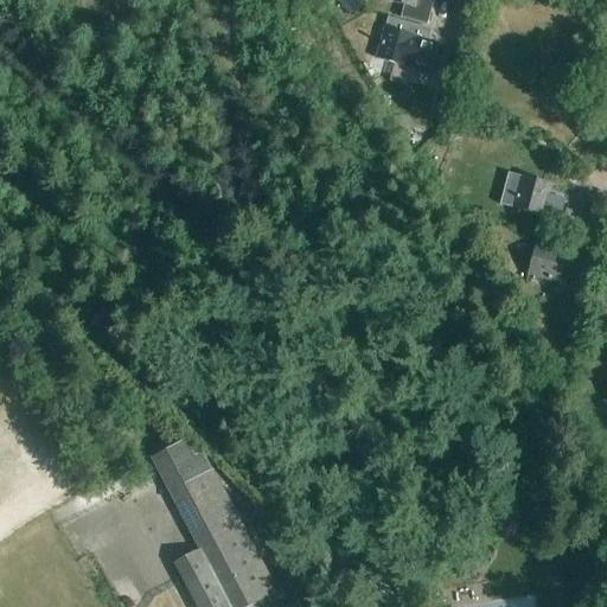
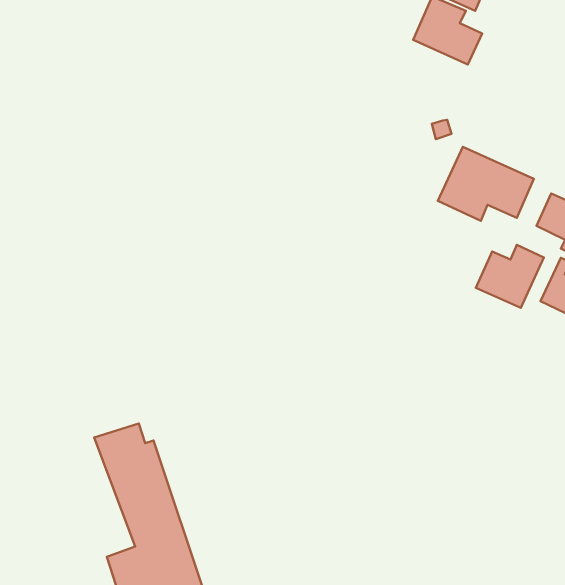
building: none -> [438,147,534,221]
building: none -> [476,245,544,308]

